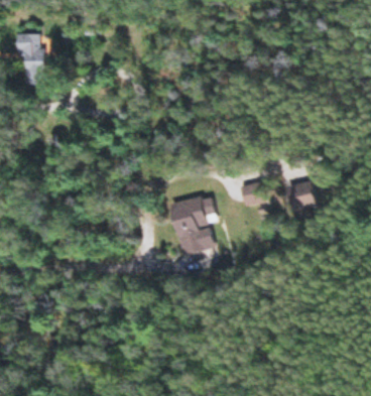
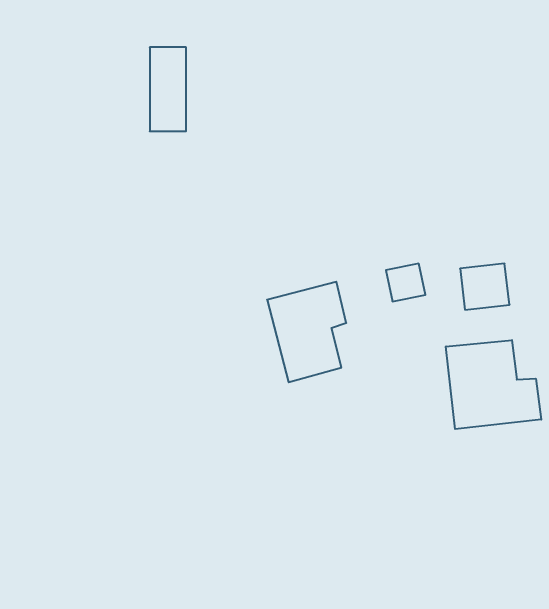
building: [21,34,43,86] -> [150,47,186,131]
building: none -> [446,340,541,429]

